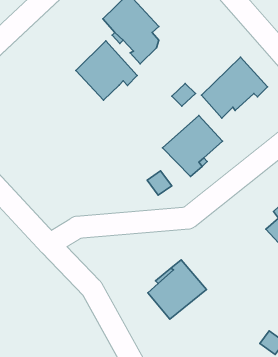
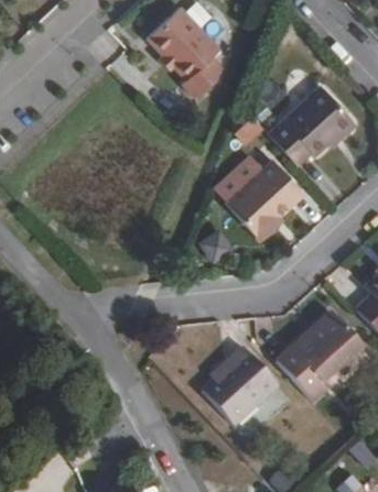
building: [76,41,137,100] -> none
building: none -> [278,313,360,402]

